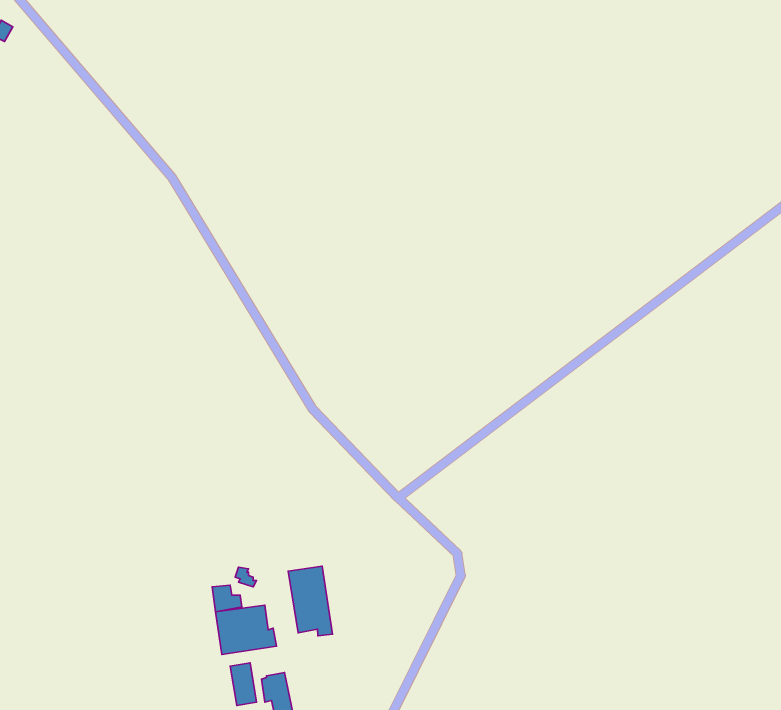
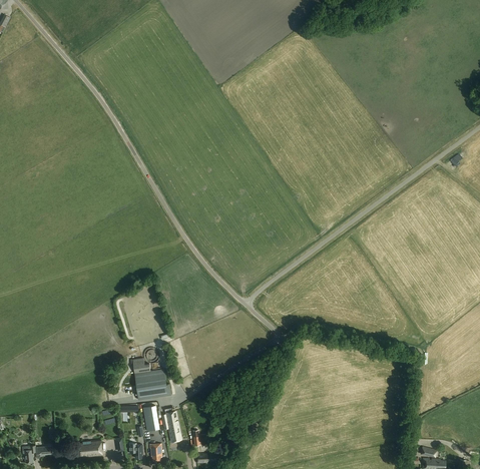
building: [288,566,332,636] -> none

